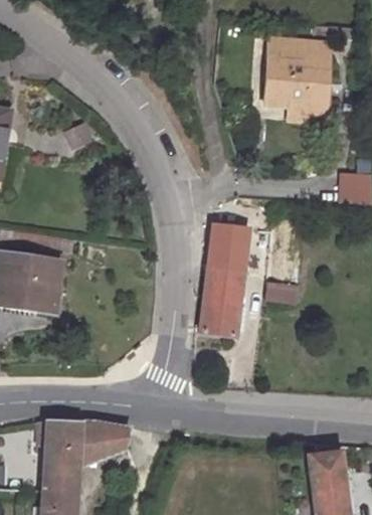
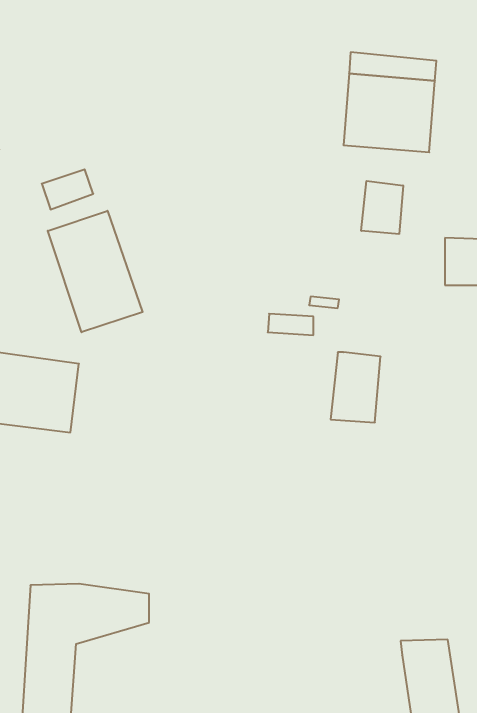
building: none -> [361,181,403,234]
building: none -> [48,211,143,332]
building: [194,240,239,337] -> none

